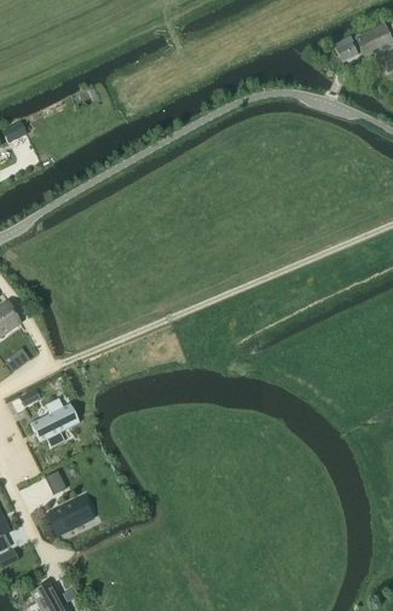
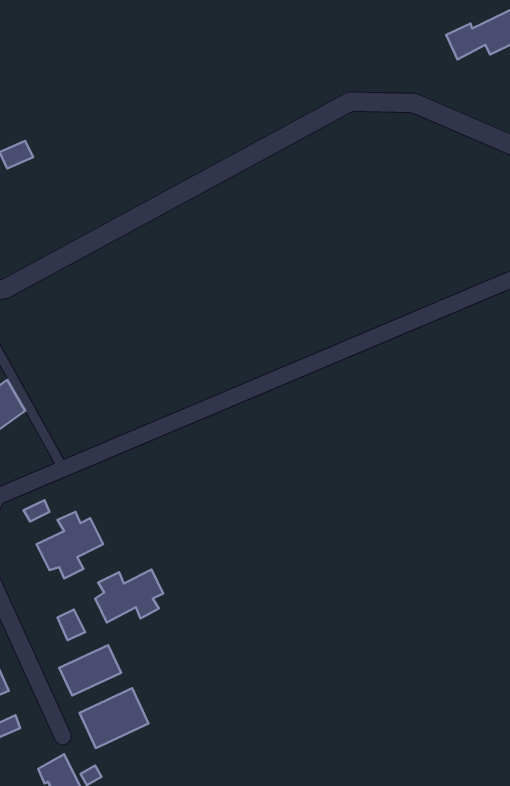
building: none -> [95,570,163,622]
building: none -> [79,688,149,748]

